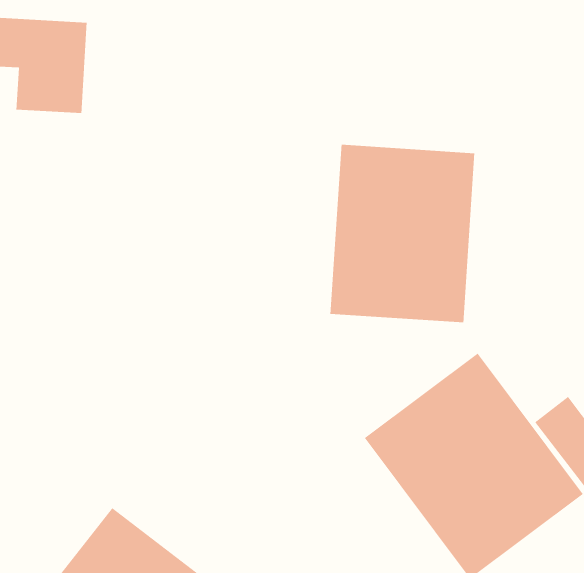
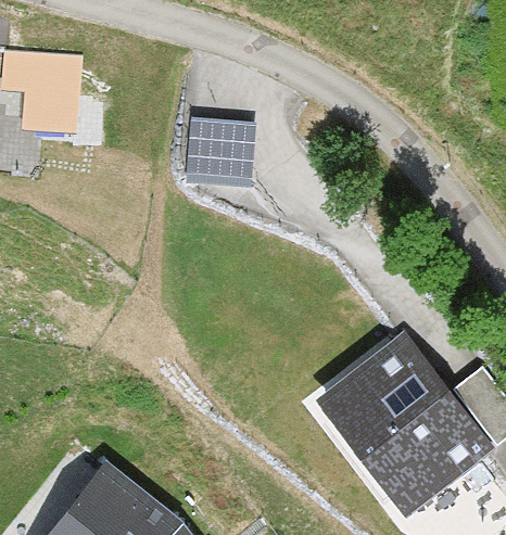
building: none -> [187,120,256,189]
building: [330,144,475,323] -> none

